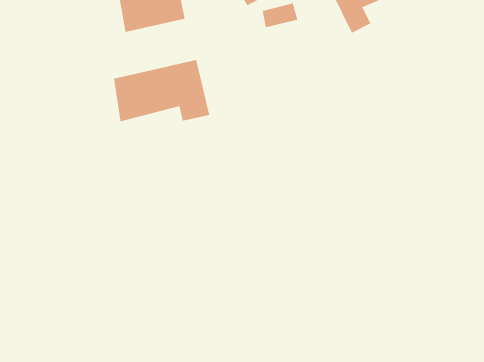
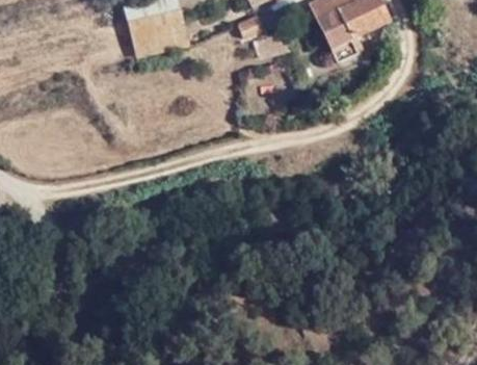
building: [113,59,210,122] -> none

